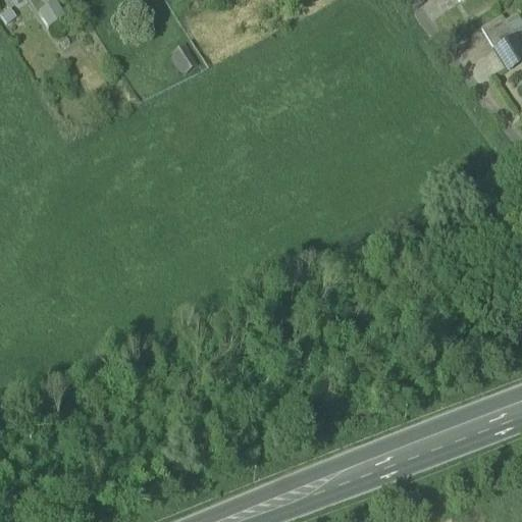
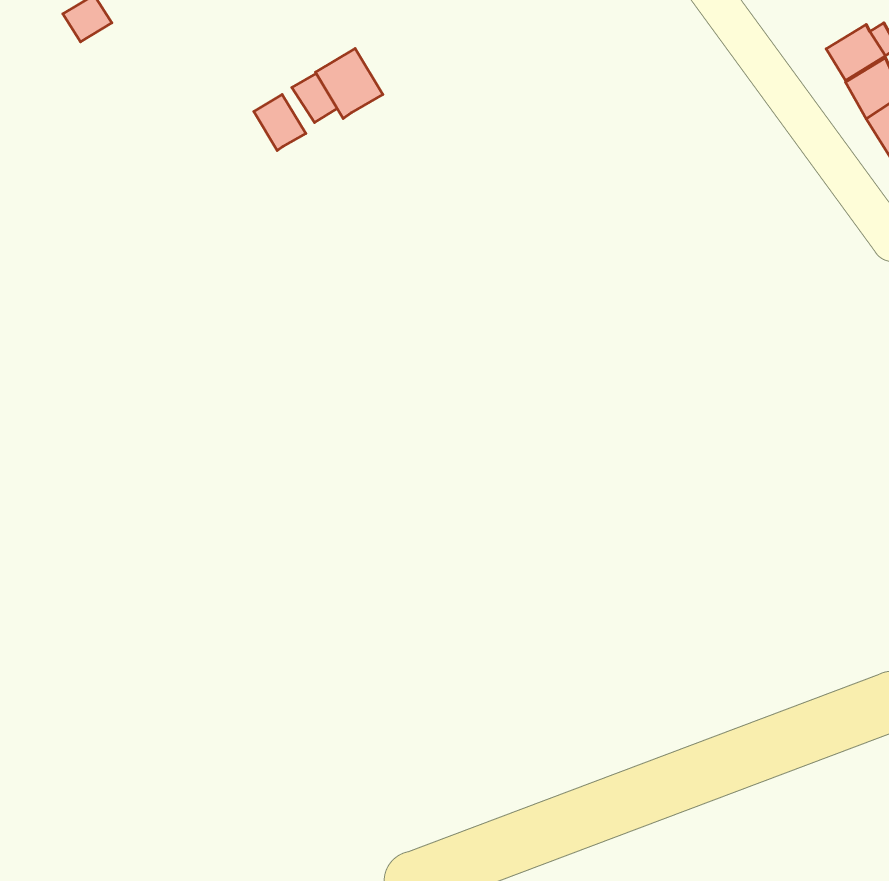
building: none -> [315,48,383,118]
building: none -> [254,94,306,151]

